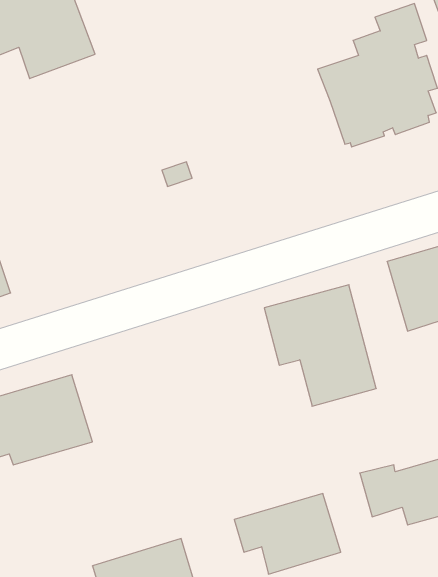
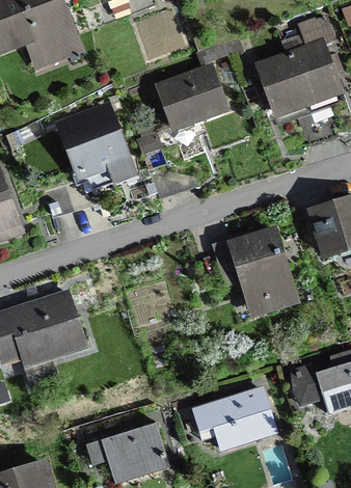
building: none -> [155,62,232,134]
building: none -> [55,102,139,187]

